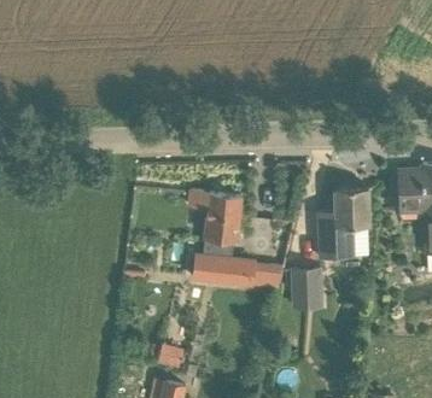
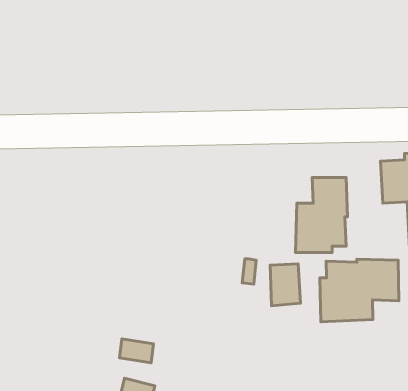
building: [189,191,256,289] -> none
building: none -> [320,259,399,322]

